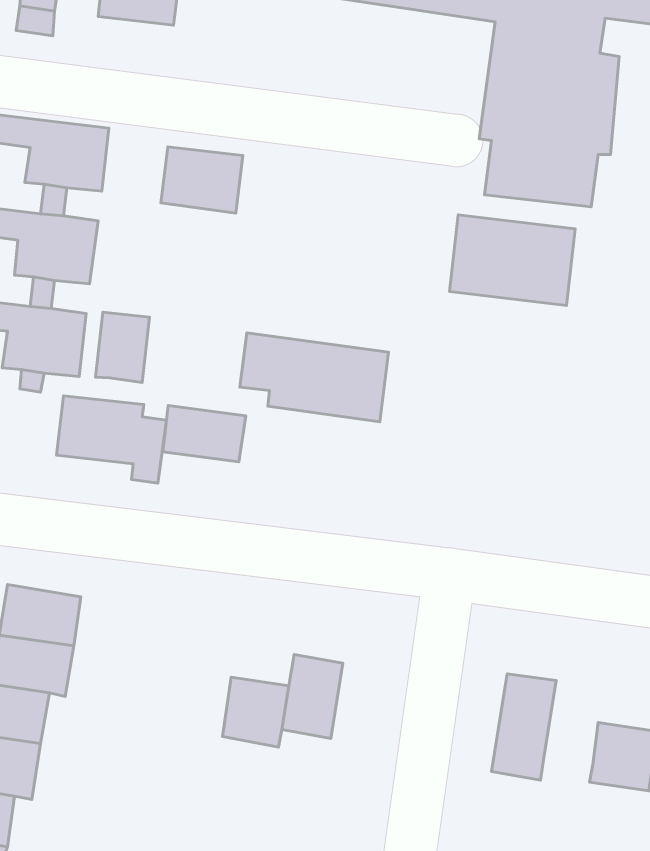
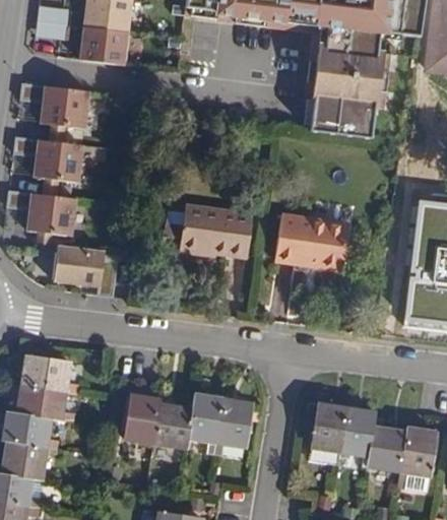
building: [161,147,243,213] -> [78,23,126,62]
building: [449,215,575,306] -> [273,218,346,271]
building: [96,312,149,382] -> none
building: [163,405,246,462] -> none
building: none -> [126,394,161,442]
building: none -> [217,399,254,448]
building: none -> [341,409,376,458]

